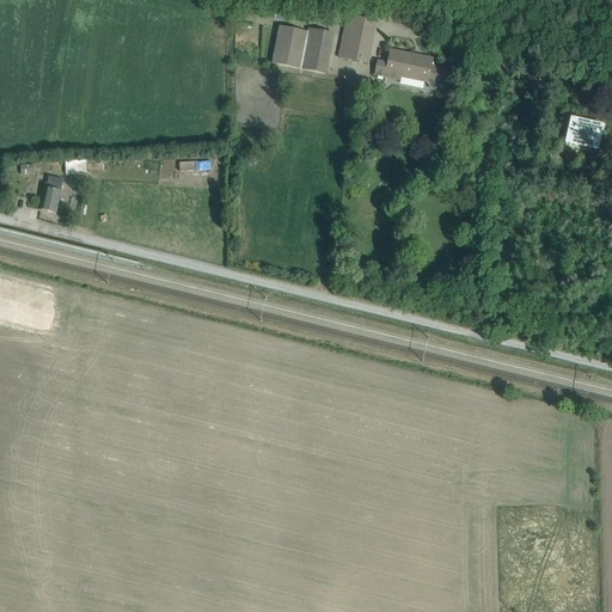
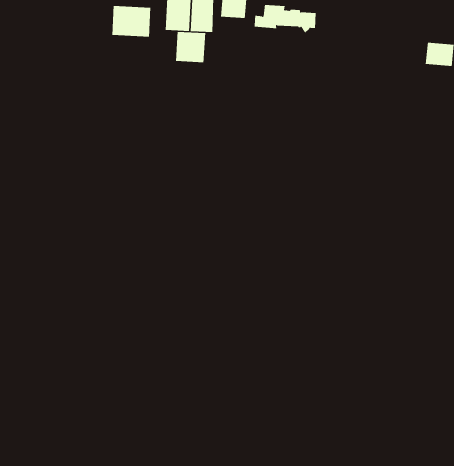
building: none -> [112,5,151,37]
building: none -> [175,31,206,63]

